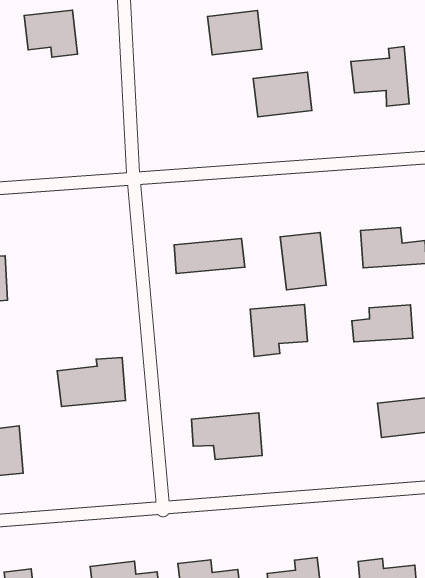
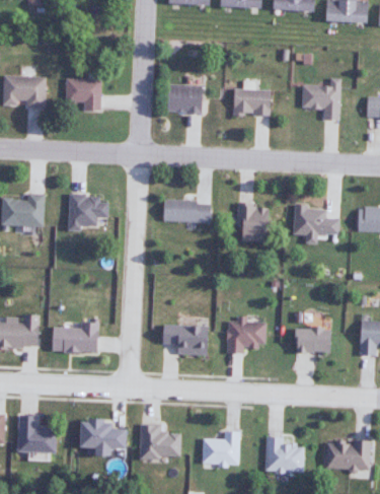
building: [24,10,78,57] -> [66,80,100,112]
building: [208,11,262,55] -> [166,86,202,114]
building: none -> [67,195,107,228]
building: [250,304,307,356] -> [227,321,267,354]
building: [352,305,413,342] -> none
building: [57,358,126,407] -> [51,323,97,354]

